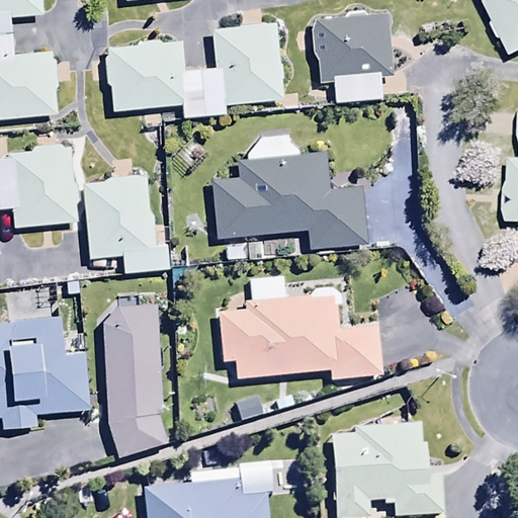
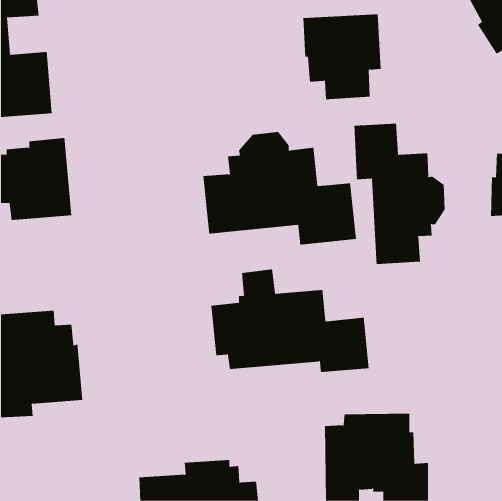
building: [106,23,284,118] -> none
building: none -> [354,123,445,265]
building: [83,175,168,273] -> none
building: [103,304,168,461] -> none

